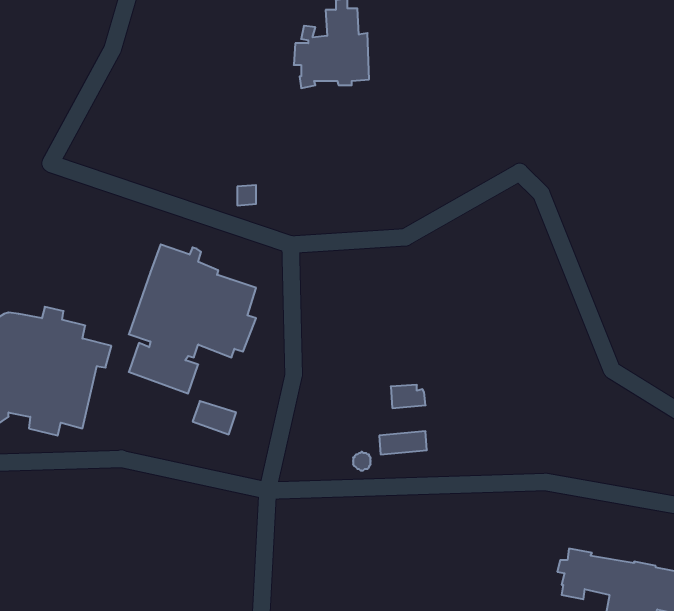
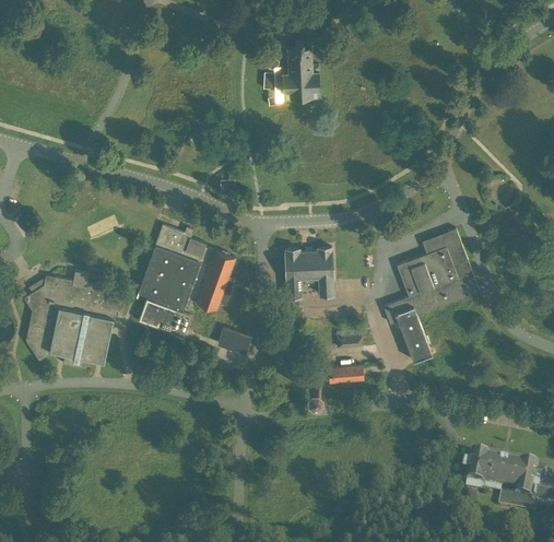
building: none -> [382,228,478,361]
building: none -> [285,247,332,296]
building: [193,401,236,434] -> [217,328,250,353]

